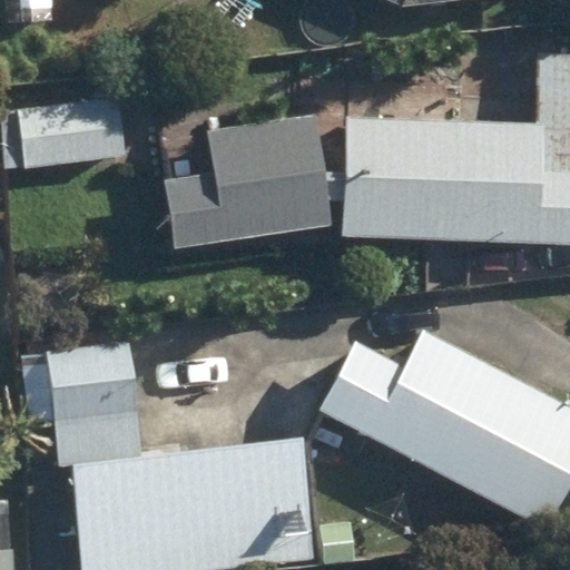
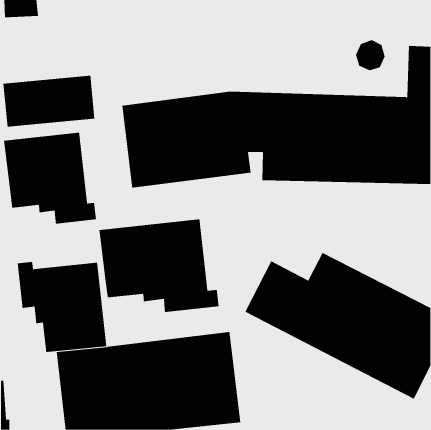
building: none -> [4,132,96,224]
building: none -> [99,218,219,313]

